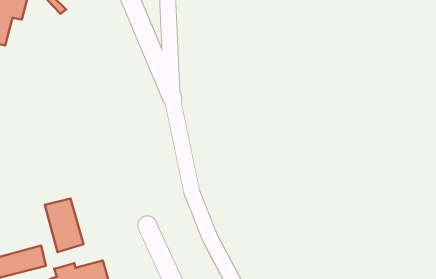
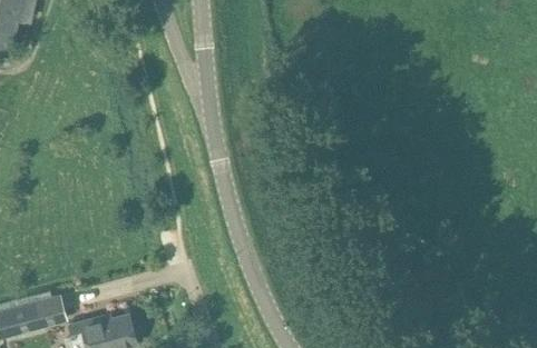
building: [45,198,84,252] -> none

